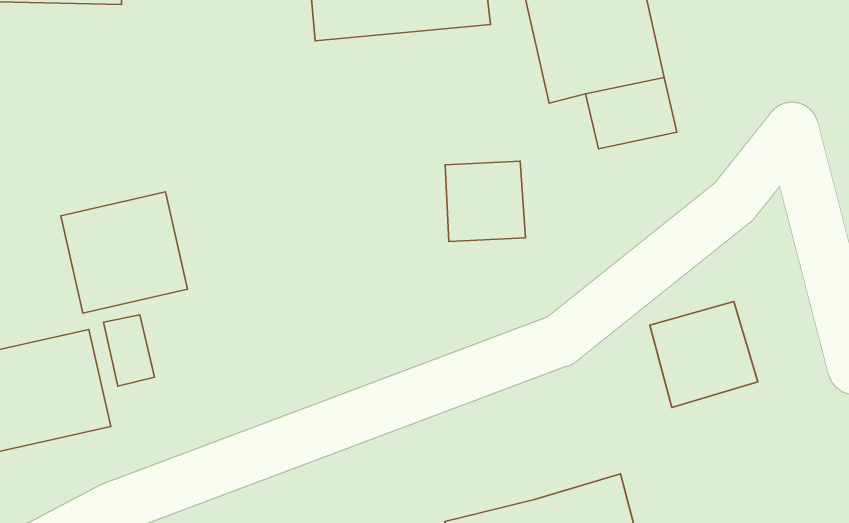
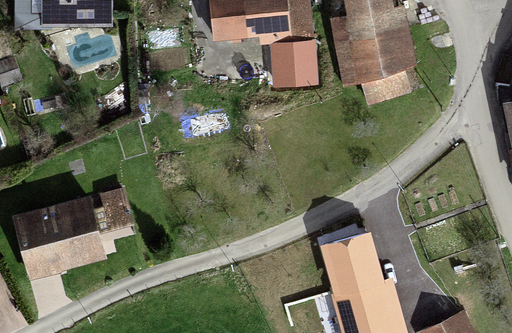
building: [445,161,526,241] -> [272,41,316,85]
building: [61,192,188,313] -> none
building: [650,301,758,407] -> [324,232,383,290]

